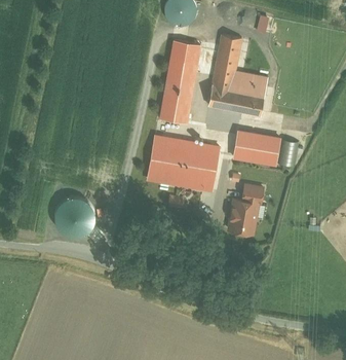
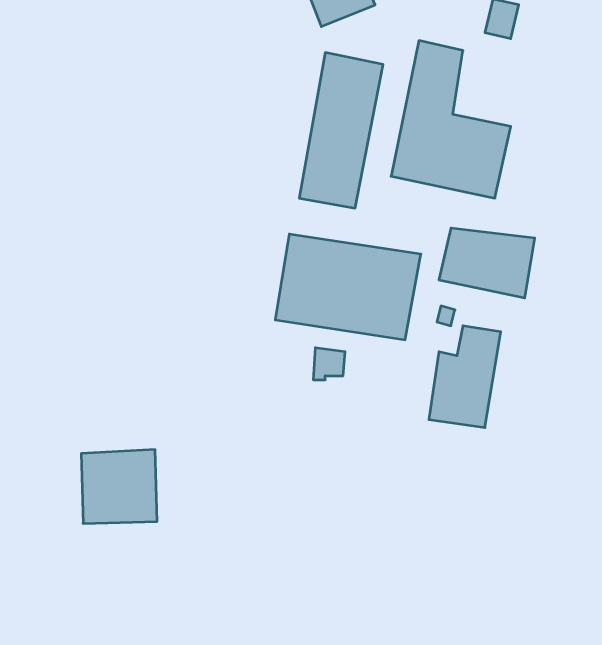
building: [54,196,93,235] -> [81,450,157,523]

